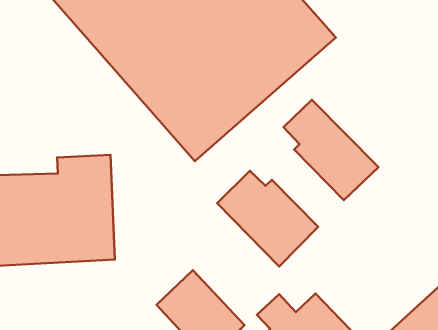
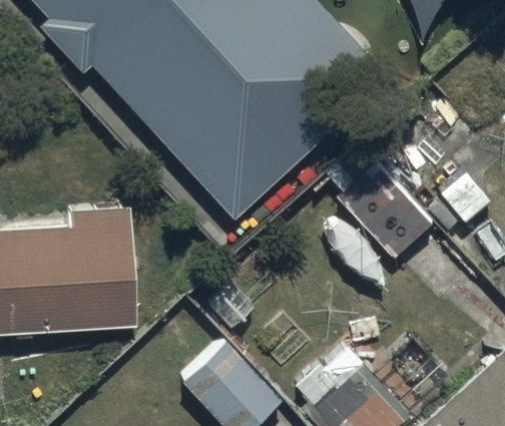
building: [217,171,318,266] -> none

